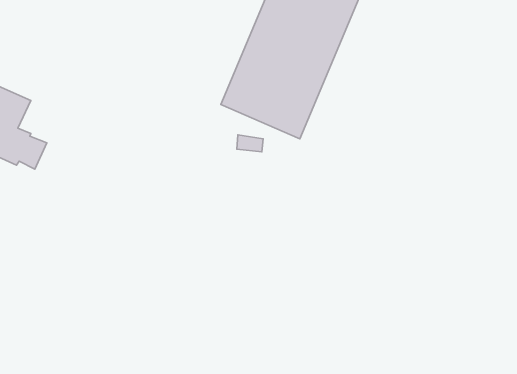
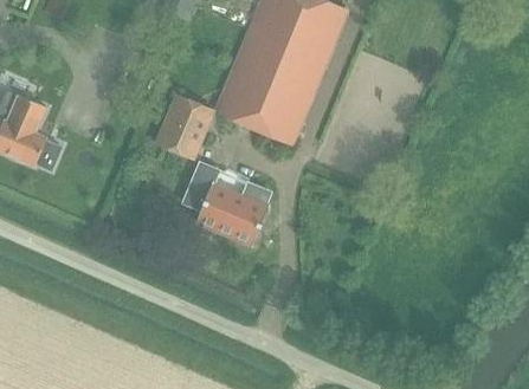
building: none -> [156,93,213,157]
building: none -> [183,162,271,245]

